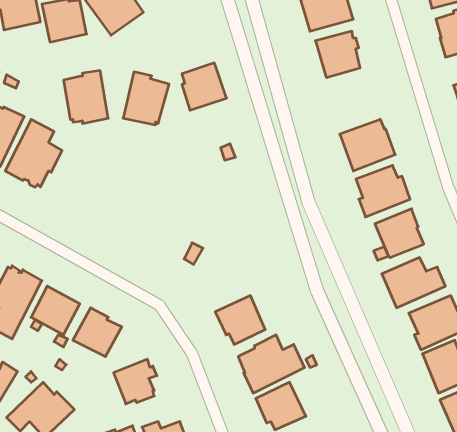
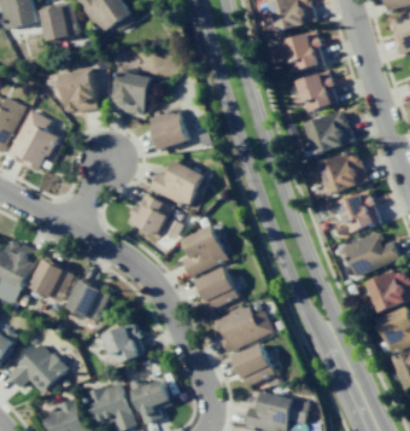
building: [182,63,227,110] -> [148,109,188,151]
building: none -> [291,70,336,112]
building: none -> [148,161,204,209]
building: none -> [128,193,168,237]
building: none -> [182,226,228,278]

